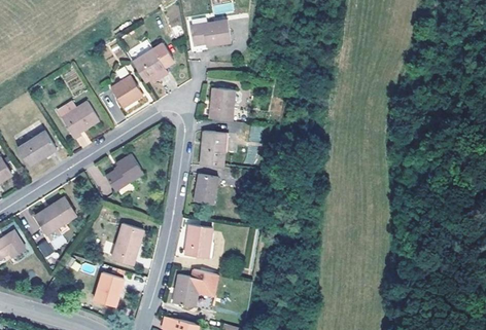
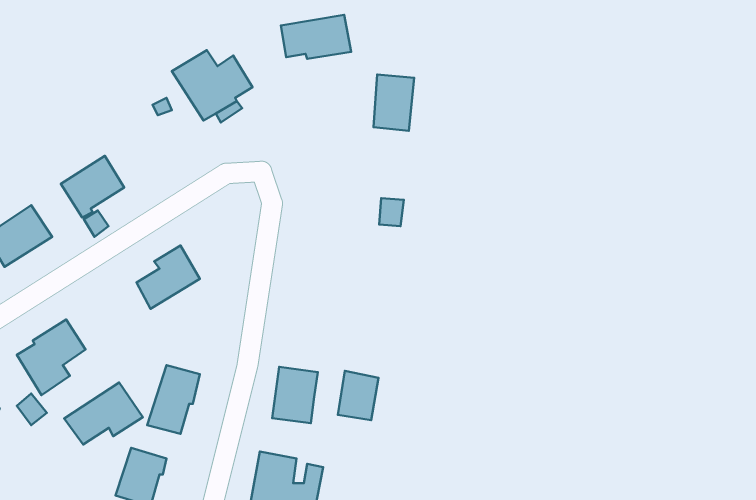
building: [110,76,143,107] -> none
building: [211,87,235,120] -> [374,74,414,131]
building: [201,132,225,168] -> none
building: [195,175,218,204] -> [338,371,378,420]
building: none -> [64,383,143,444]

